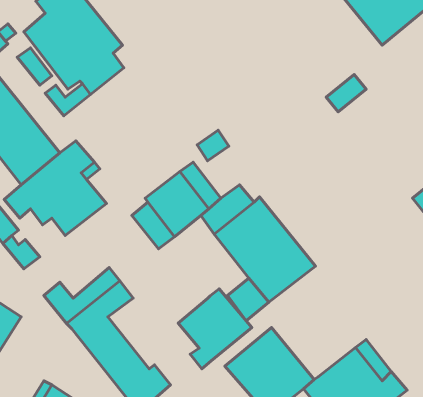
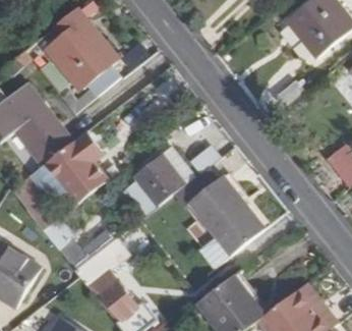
building: [178,289,252,369] -> none

